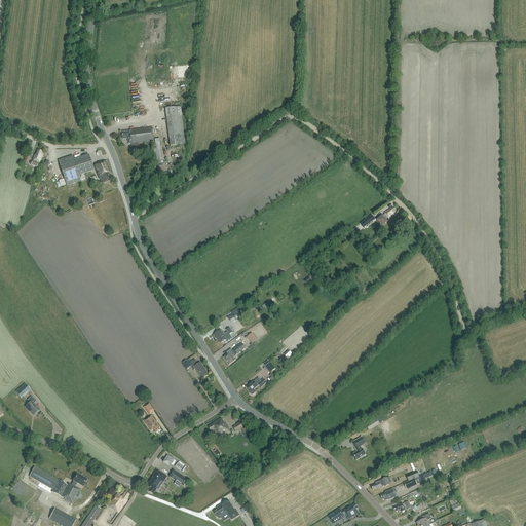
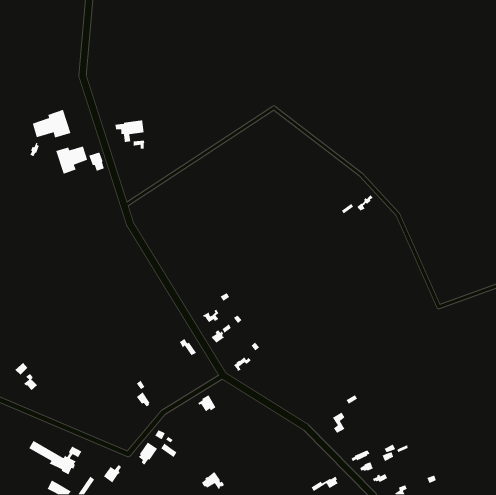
building: [165,106,186,146] -> none
building: none -> [32,109,72,138]

